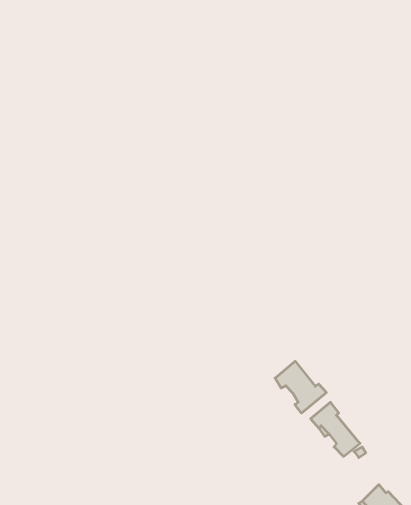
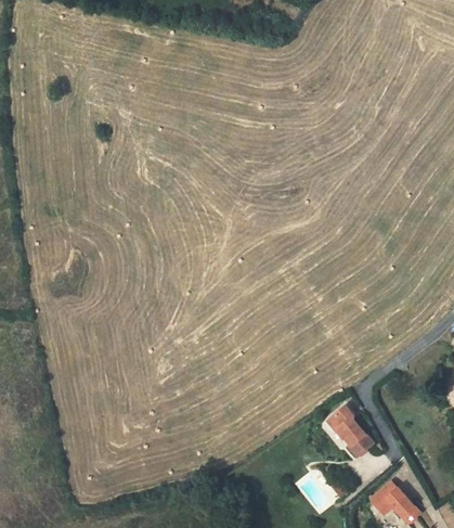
building: [275,361,326,413] -> none

